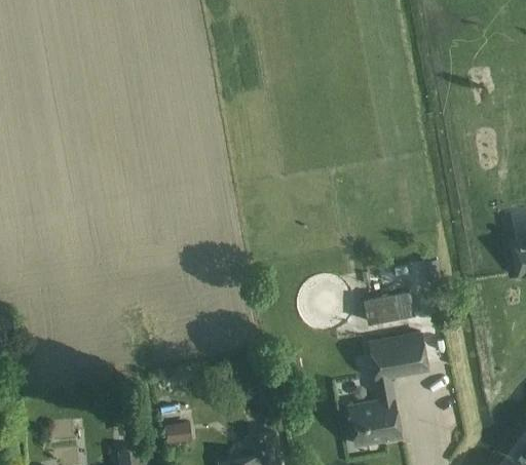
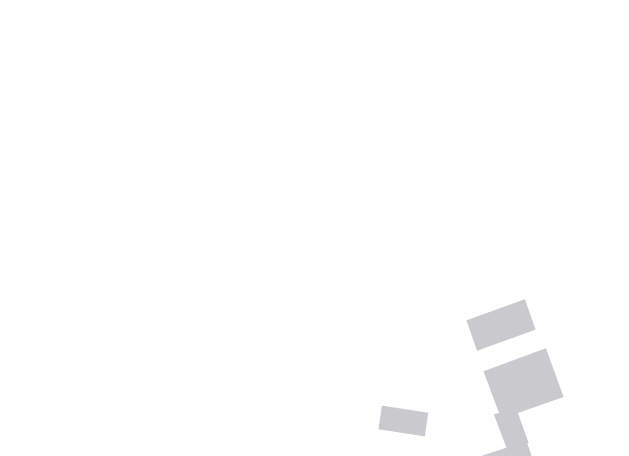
building: none -> [378,405,429,437]

